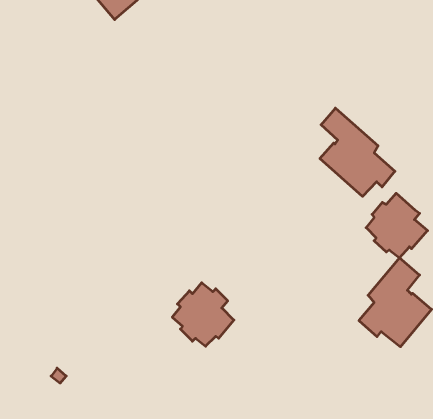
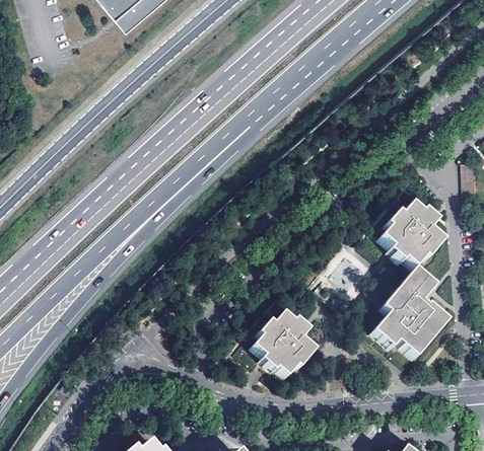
building: [320,108,395,196] -> none
building: [172,283,234,346] -> [256,308,318,372]

